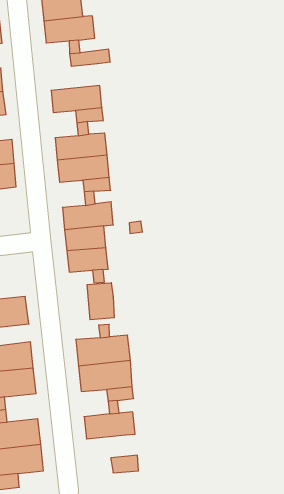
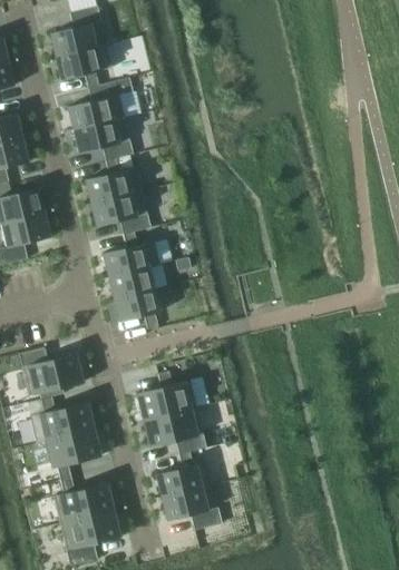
building: none -> [67,95,124,130]
building: [87,283,114,320] -> none
building: none -> [160,488,207,521]

